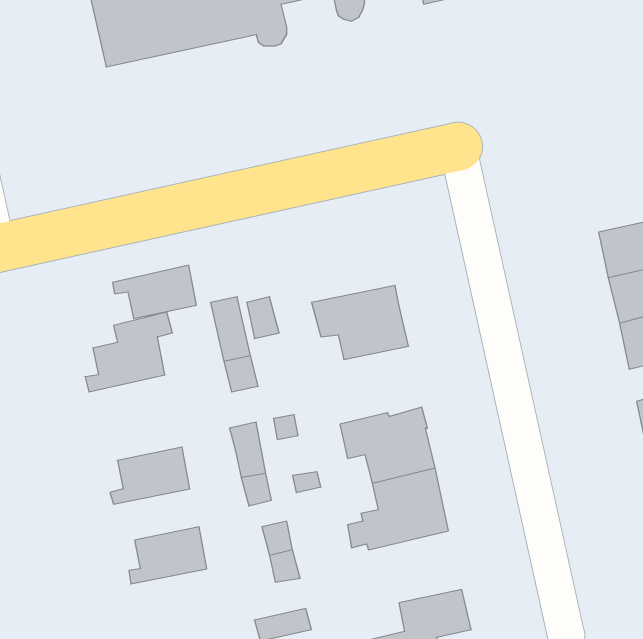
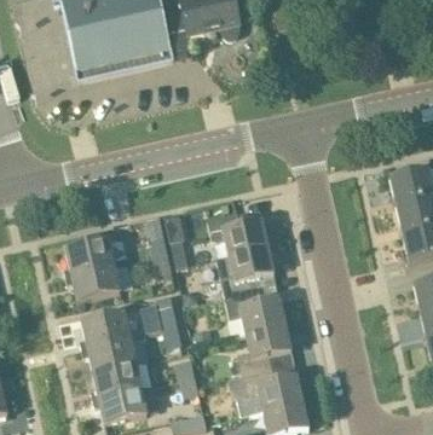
building: [113,265,196,319] -> [64,266,117,300]
building: none -> [215,248,272,297]
building: none -> [80,338,134,371]
building: none -> [242,365,301,411]
building: none -> [91,389,144,422]

